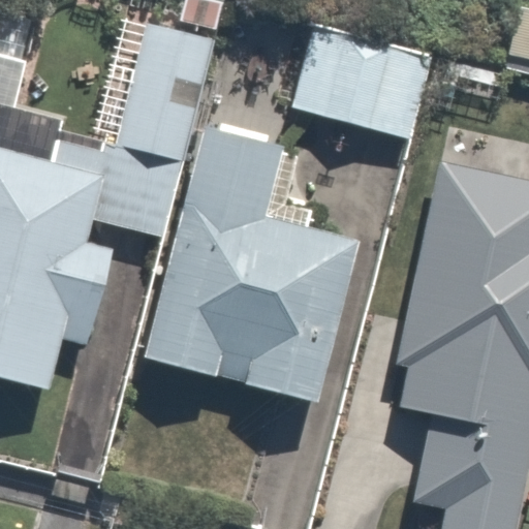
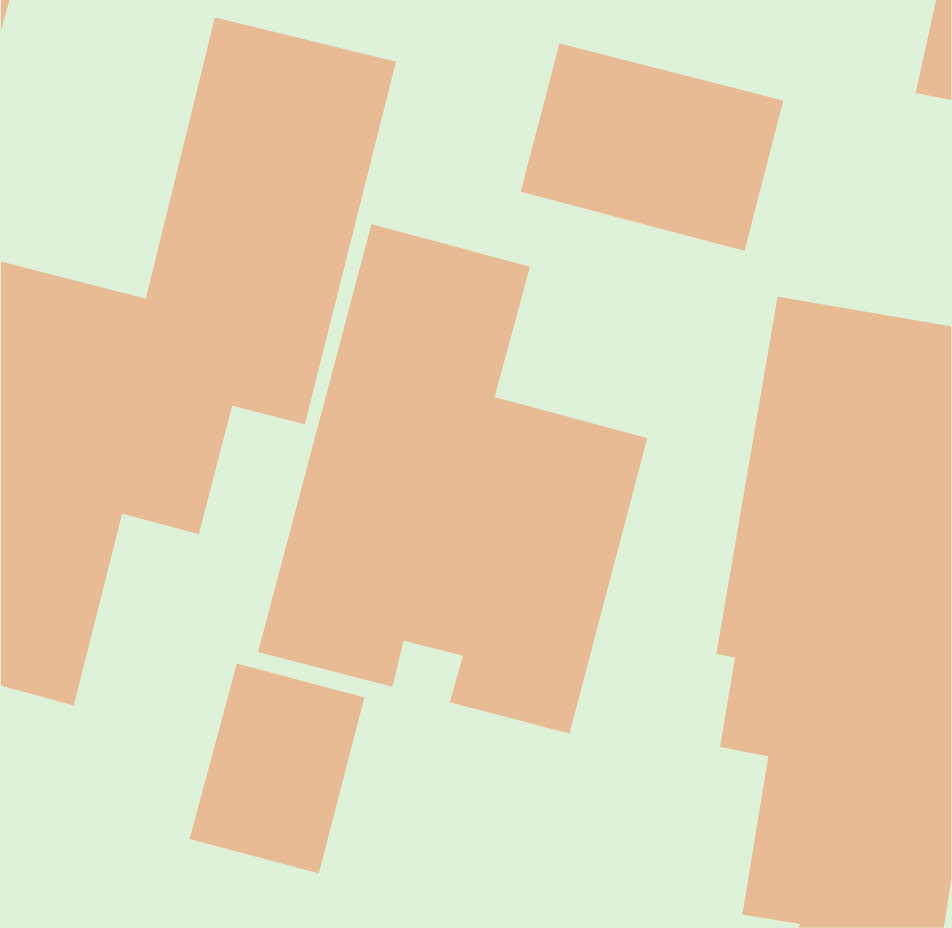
building: none -> [189,663,365,874]

